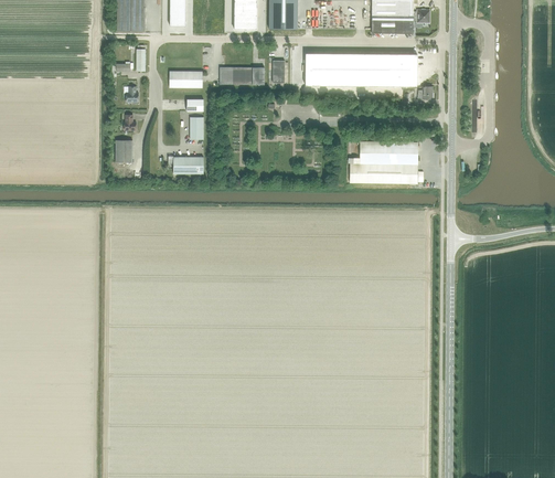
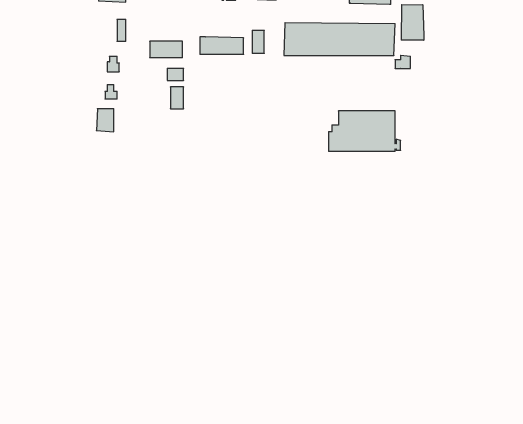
building: none -> [401,5,424,40]
building: [173,157,203,174] -> none

